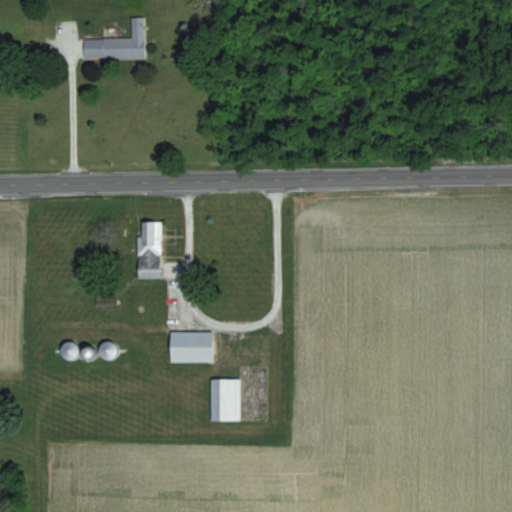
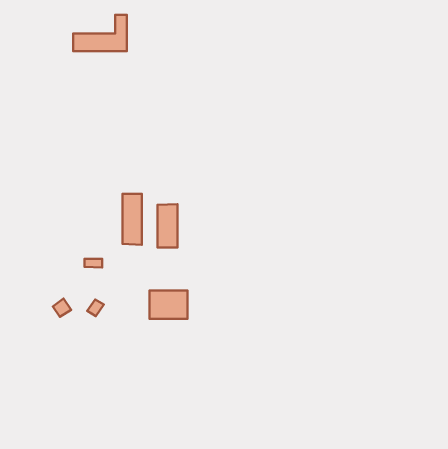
building: none -> [158,204,178,248]
building: [210,379,240,421] -> none

